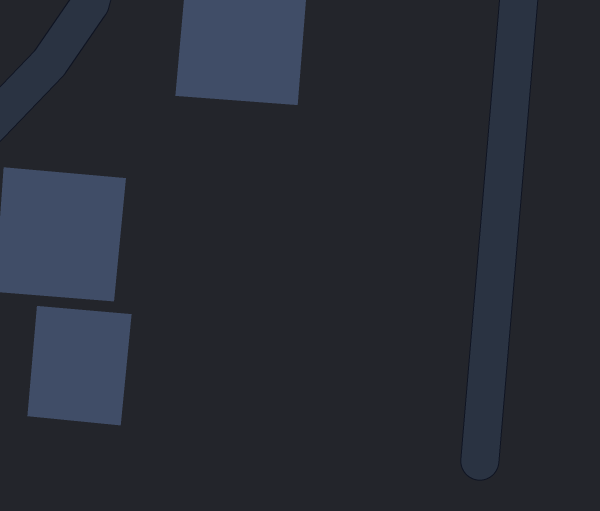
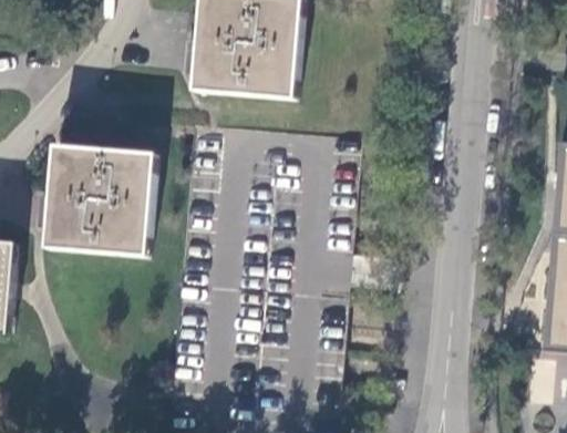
building: [27,305,132,426] -> none

